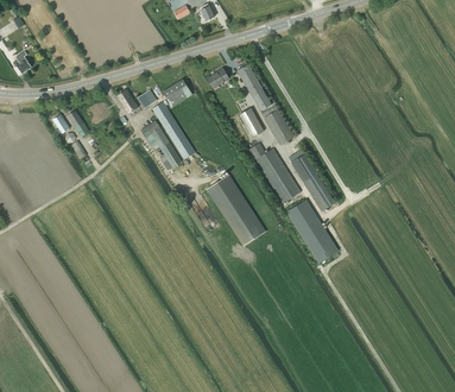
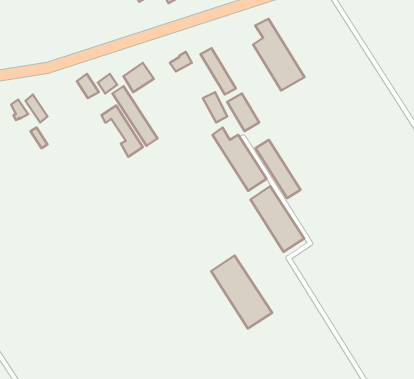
building: none -> [253,19,304,91]
building: [207,175,266,246] -> [211,255,272,329]

